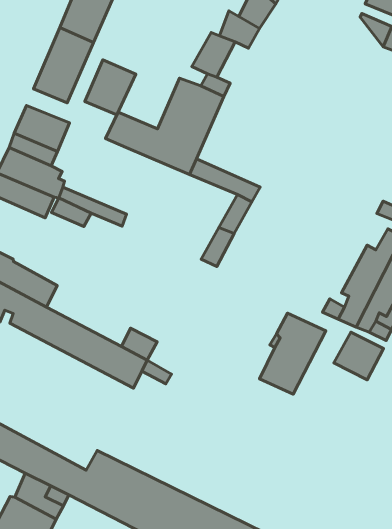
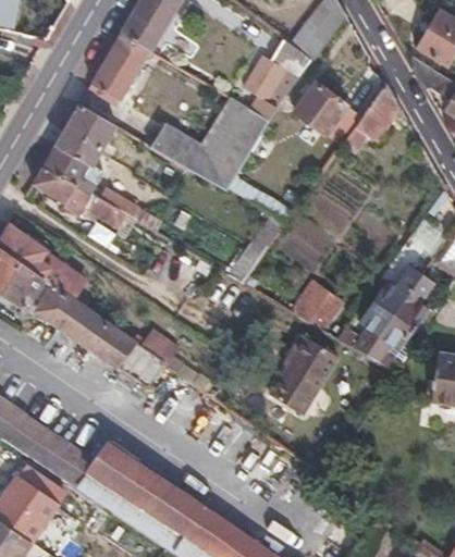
building: none -> [343,85,401,152]
building: none -> [292,82,347,136]
building: [85,60,136,115] -> none
building: none -> [290,280,344,331]
building: [334,332,383,380] -> none

